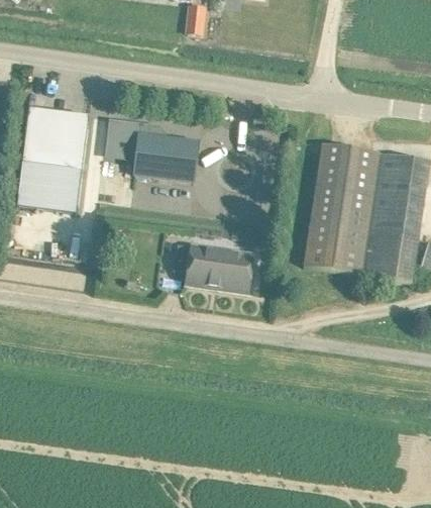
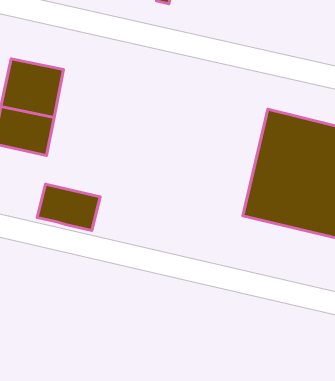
building: [107,119,198,180] -> none
building: [185,243,253,291] -> [37,184,100,230]

